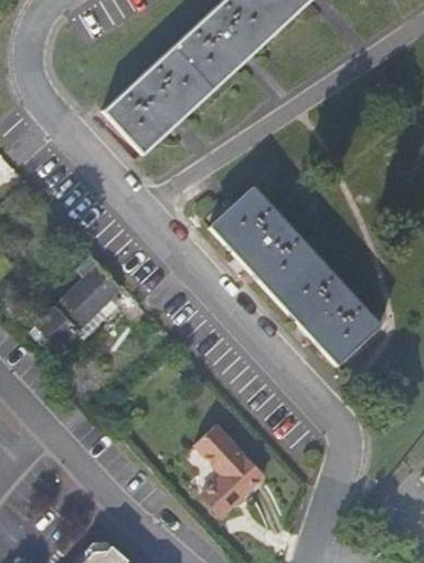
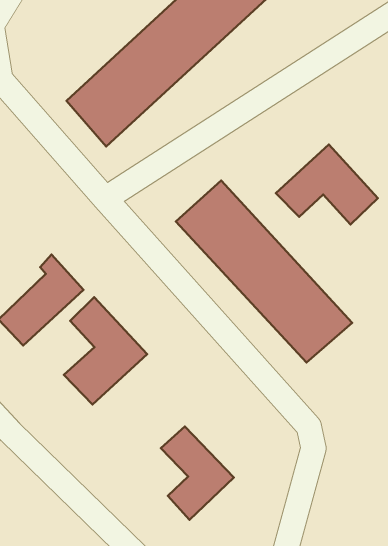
building: none -> [276,145,378,224]
building: none -> [64,297,147,404]

